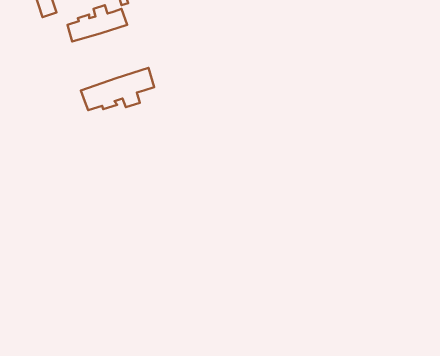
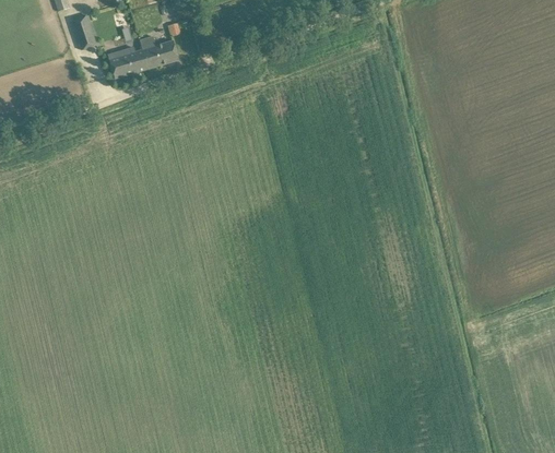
building: [81,68,154,110] -> none

